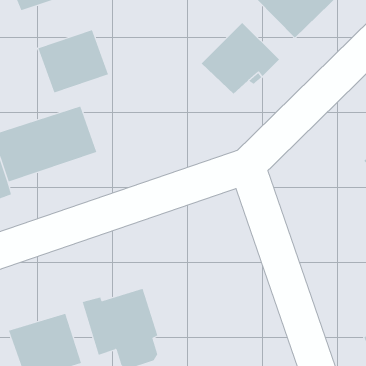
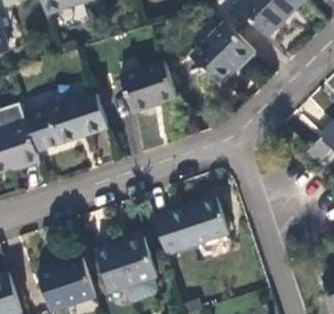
building: [38,30,109,93] -> [119,61,177,112]
building: none -> [153,197,229,255]

